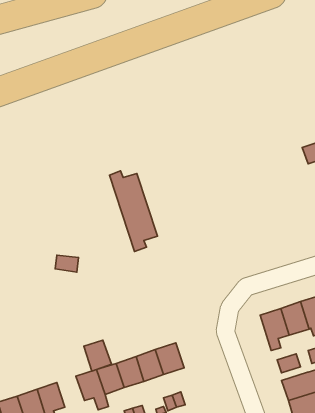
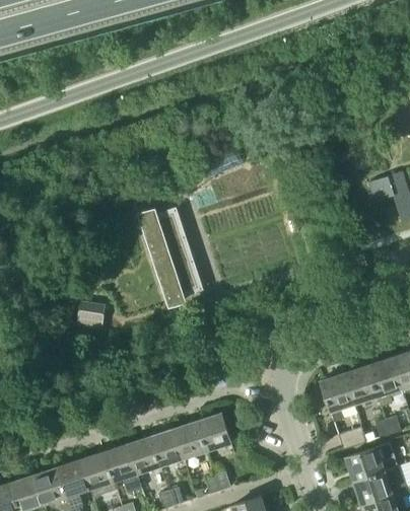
building: [84,340,112,371] -> [79,452,112,489]

